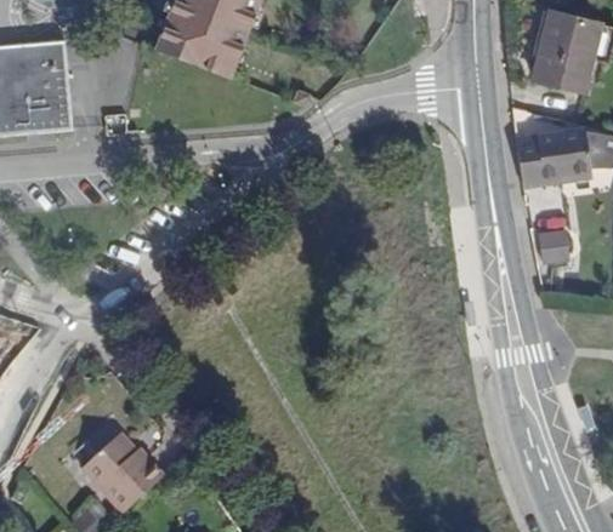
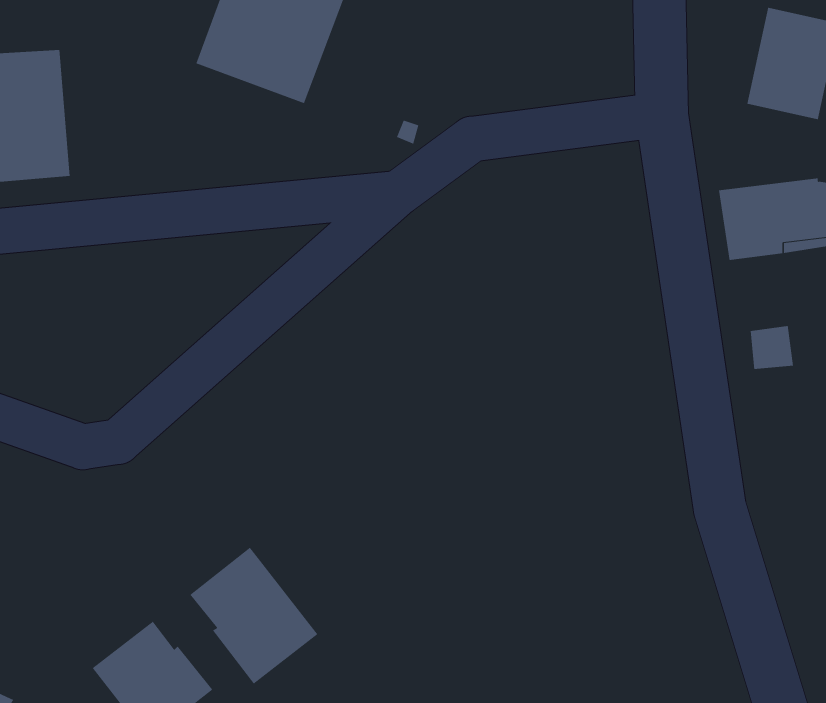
building: none -> [190,547,318,685]

